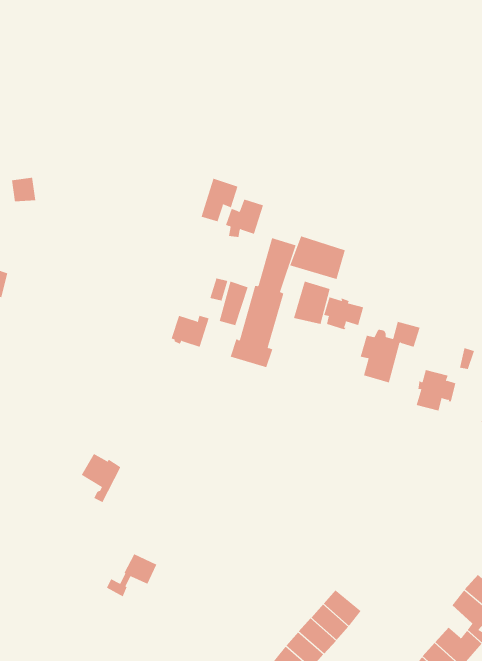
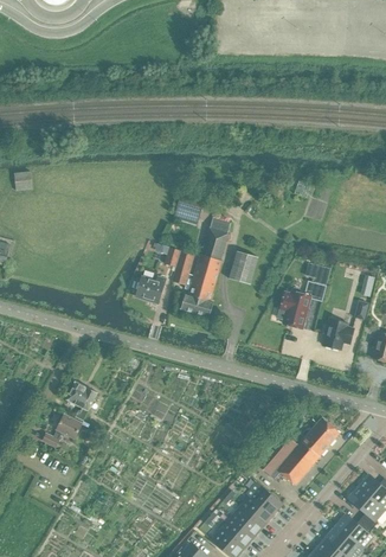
building: [201,178,238,222] -> none
building: [290,235,346,280] -> none
building: [324,297,364,330] -> none
building: none -> [256,416,340,484]
building: [106,554,157,597] -> [43,414,82,447]

